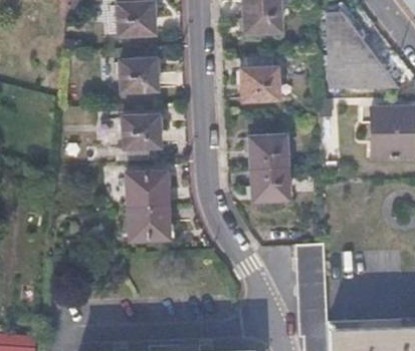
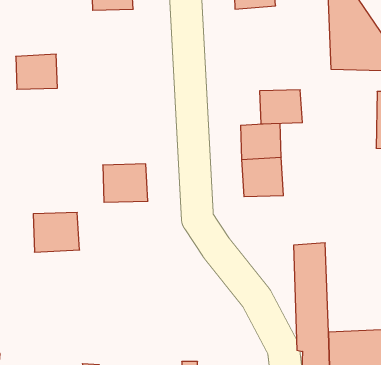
building: [120,58,157,89] -> [16,54,57,89]
building: [236,68,274,98] -> [260,90,302,124]
building: [124,115,160,146] -> none
building: [129,204,170,239] -> [33,213,80,252]

